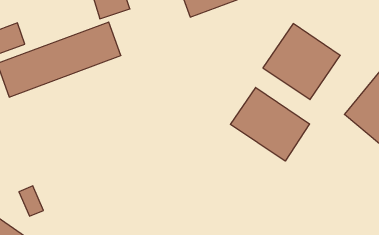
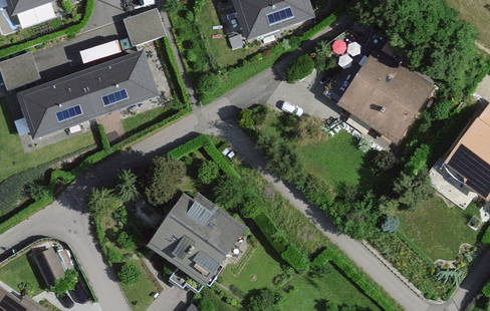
building: [230,87,310,161] -> none
building: none -> [141,186,241,286]

